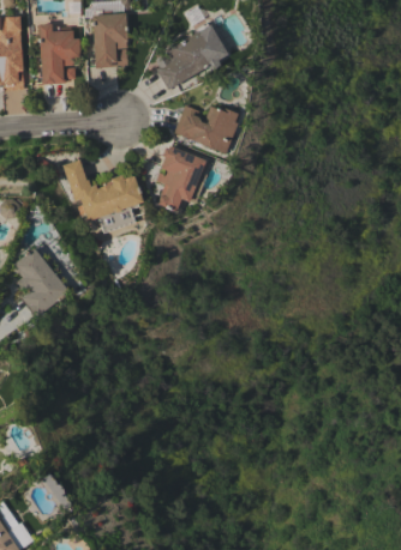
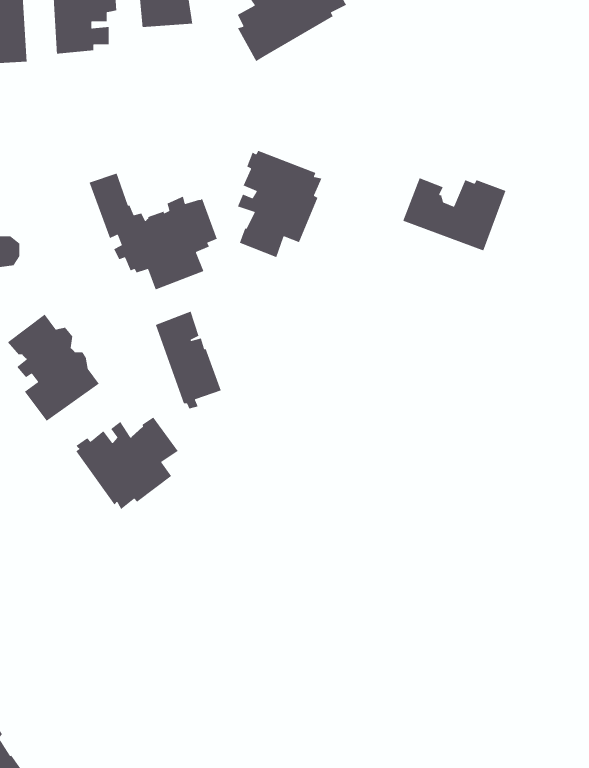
building: [173,105,239,152] -> [402,177,507,251]
building: none -> [155,311,222,409]
building: none -> [76,416,179,510]

